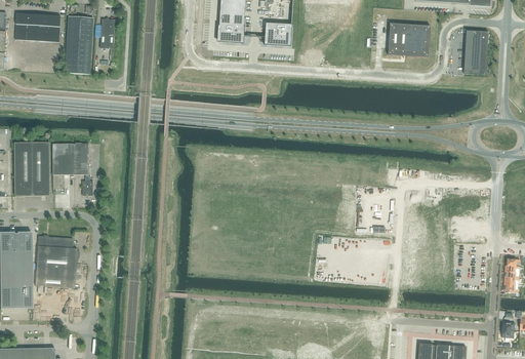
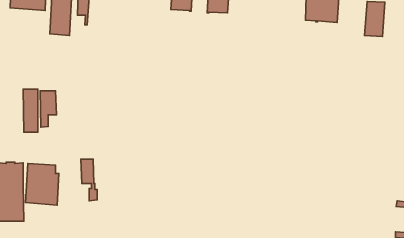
building: [14,141,32,195] -> none
building: [72,143,92,195] -> [81,159,97,201]

